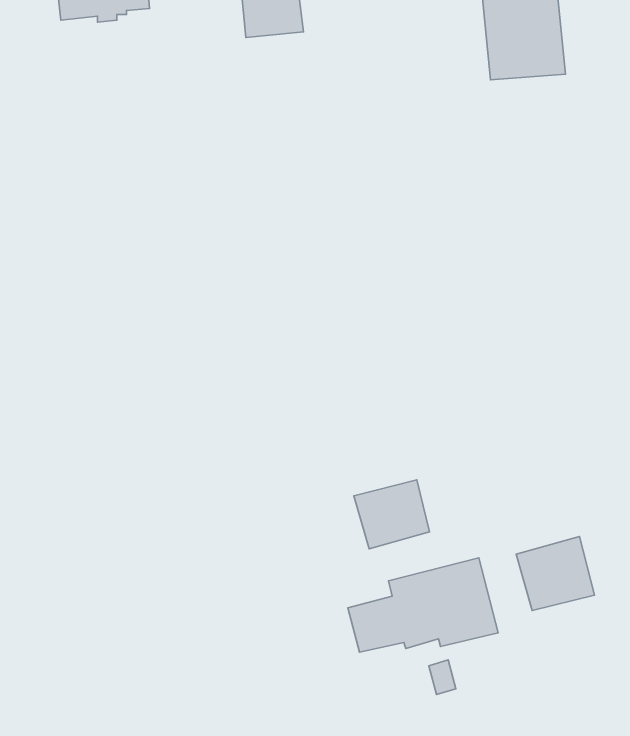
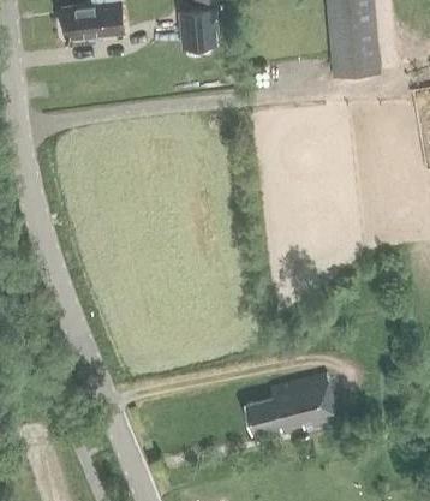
building: [354,480,429,549] -> none
building: [516,537,594,610] -> none

